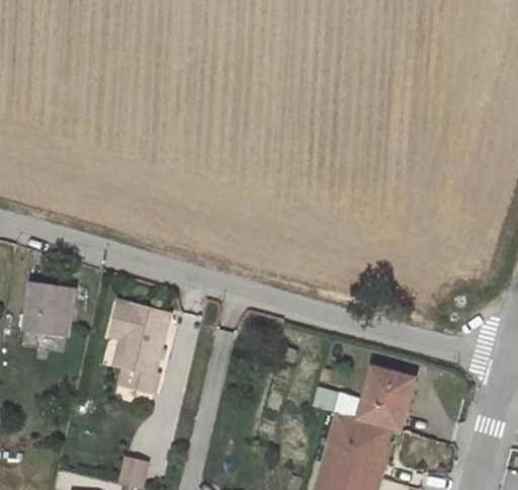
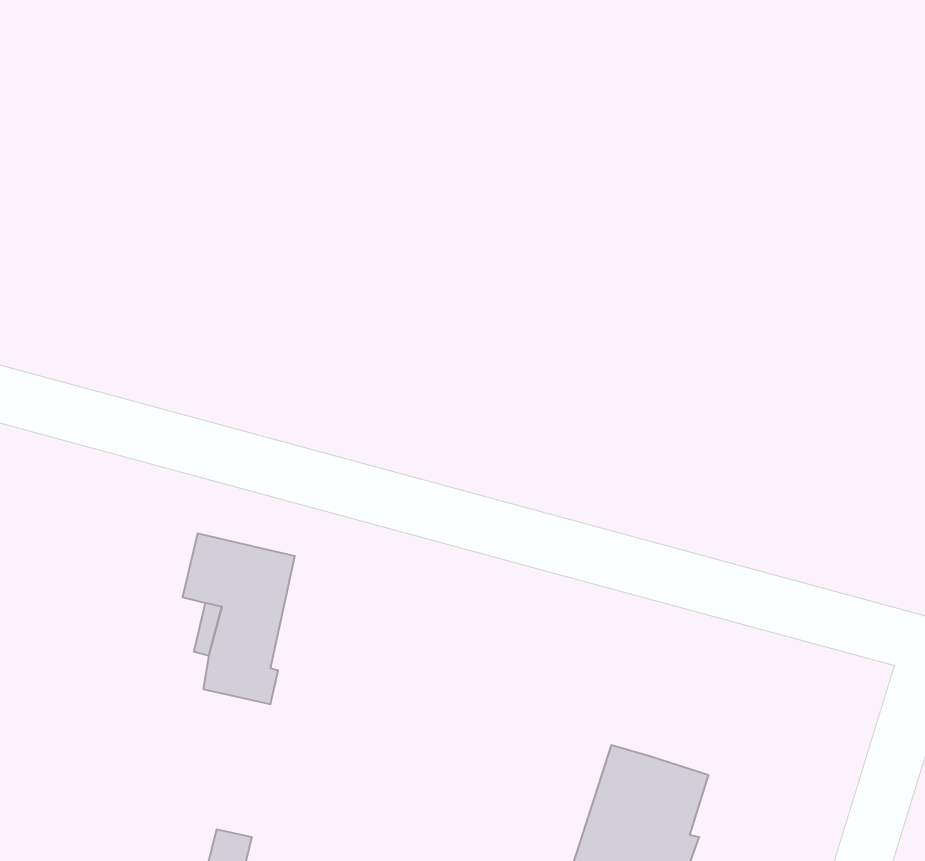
building: [24,281,73,333] -> none
building: [359,371,418,432] -> none

